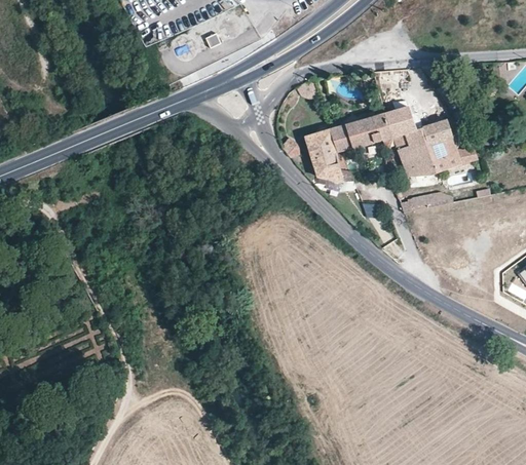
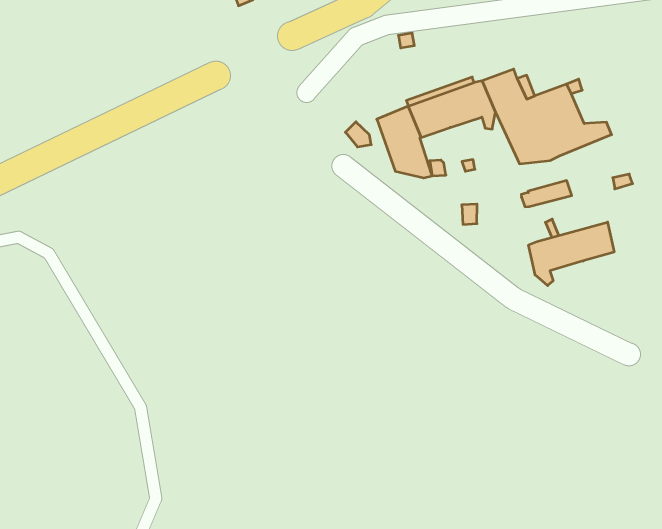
building: none -> [529,222,614,286]

